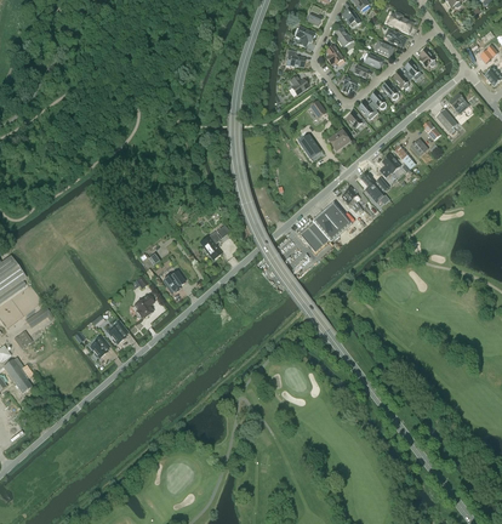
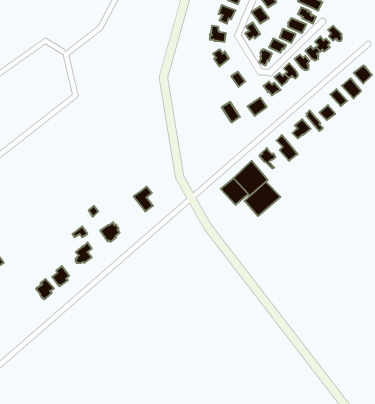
building: none -> [244,182,280,216]

